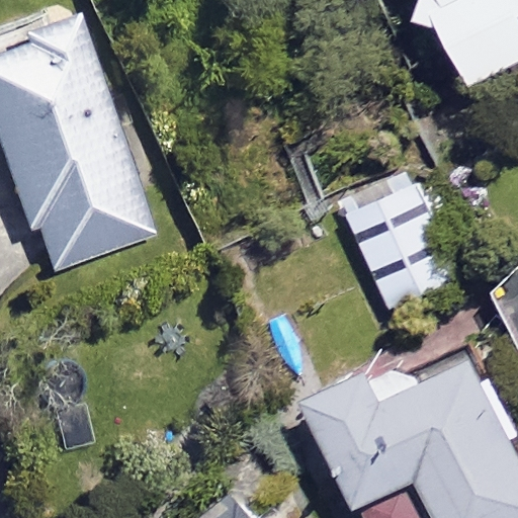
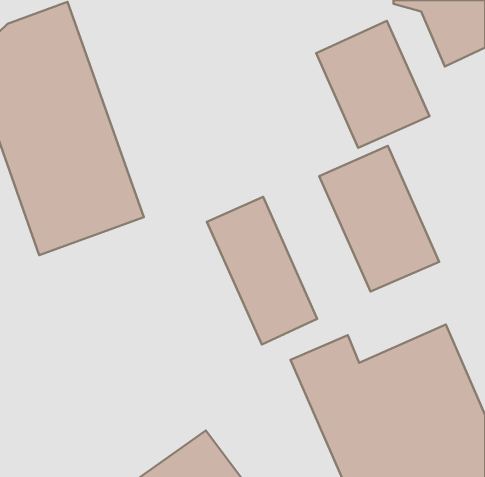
building: none -> [316,21,430,148]
building: none -> [207,197,317,344]

